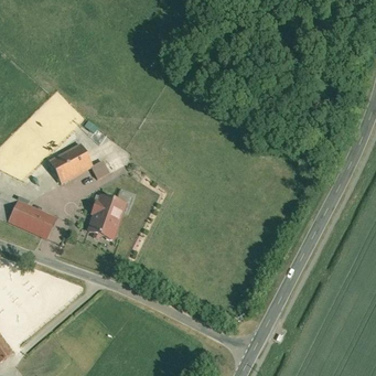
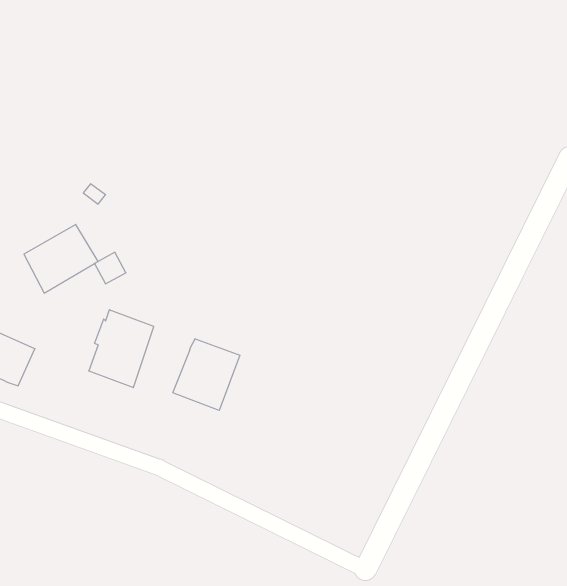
building: none -> [173,339,240,410]

